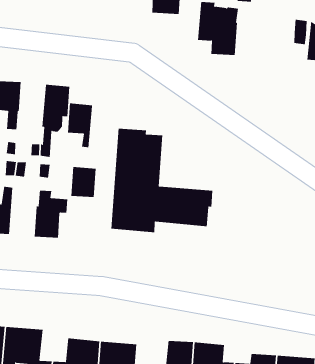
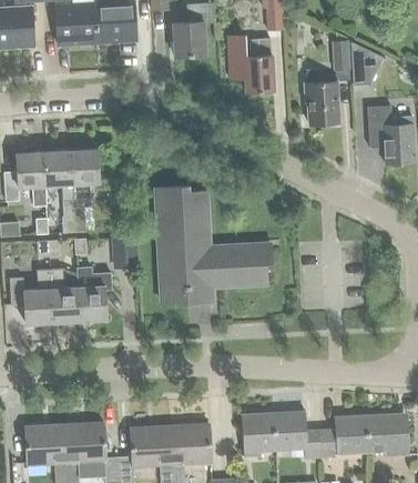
building: none -> [305,69,339,125]
building: [67,103,93,148] -> [42,151,71,199]
building: none -> [49,269,79,322]

